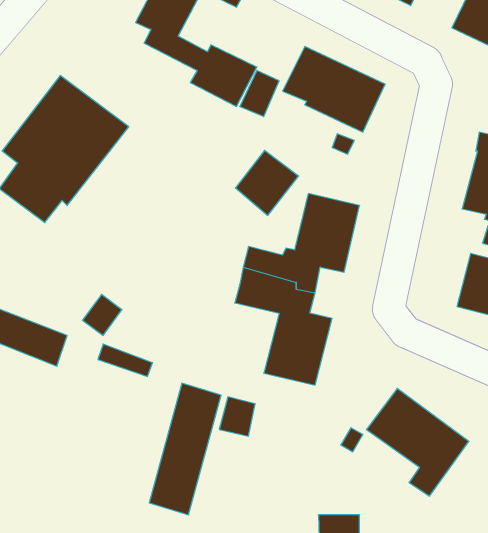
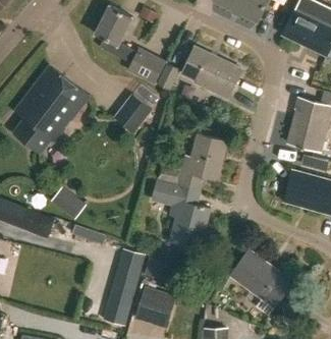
building: [235,150,299,215] -> [114,93,152,131]
building: none -> [134,285,176,328]

